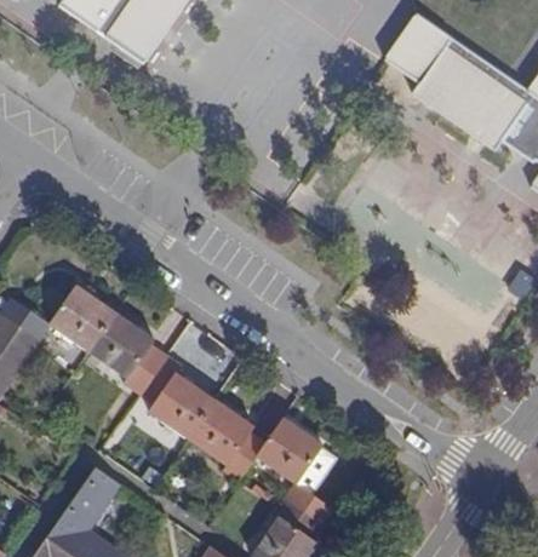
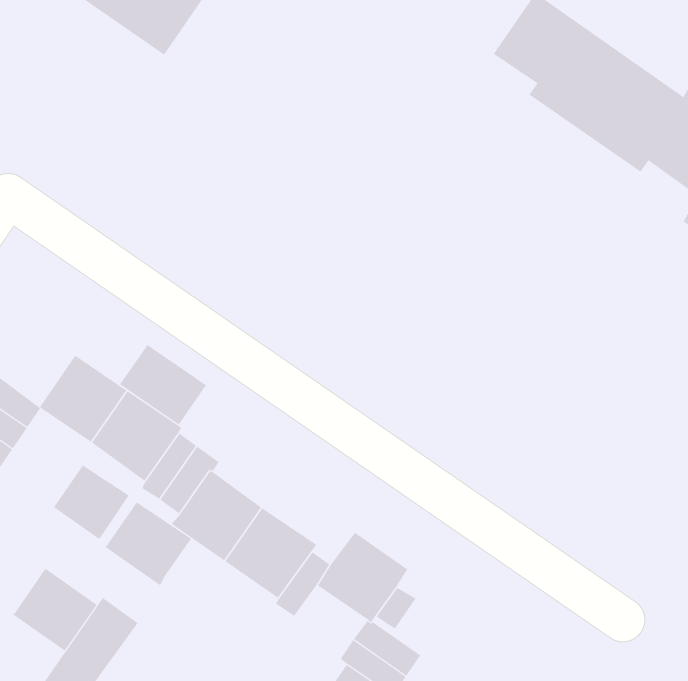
building: none -> [119,344,207,426]
building: none -> [53,465,130,540]
building: none -> [105,502,191,586]
building: none -> [13,568,97,651]

